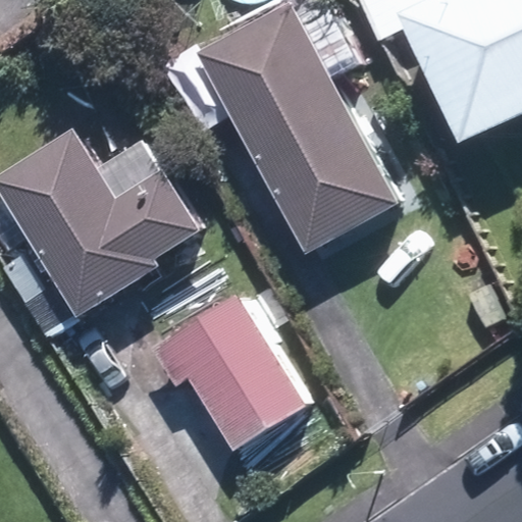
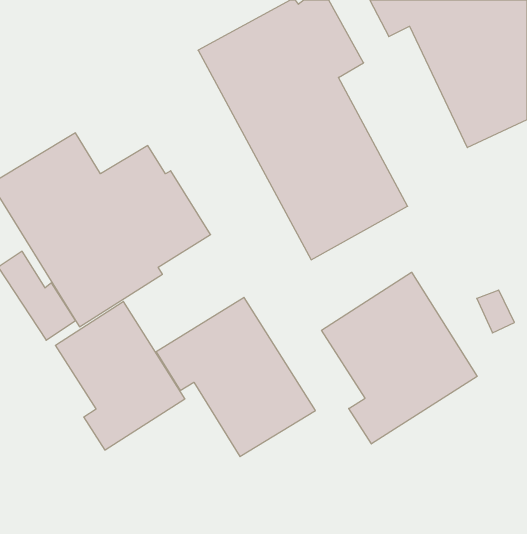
building: none -> [322,272,477,444]
building: none -> [55,301,185,450]

